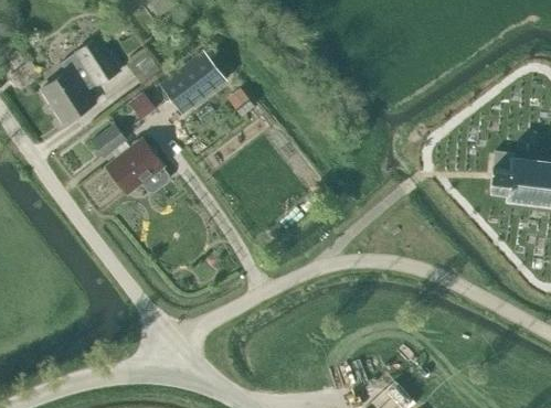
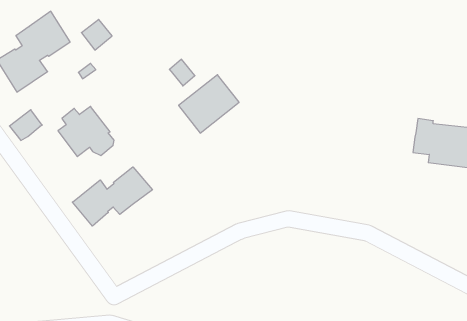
building: [160,52,225,115] -> [179,75,239,133]
building: [92,125,127,158] -> [9,110,42,140]
building: none -> [72,167,152,226]

